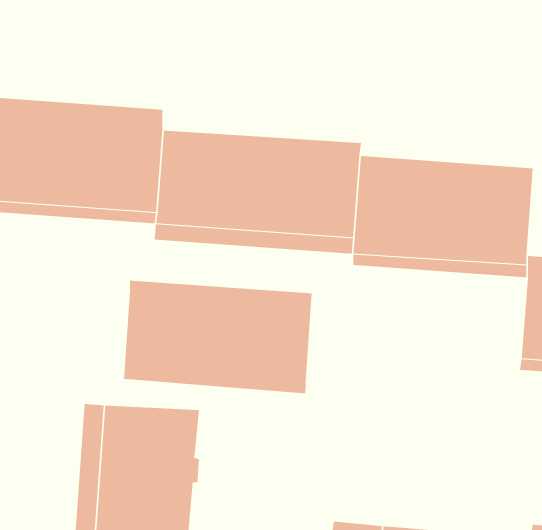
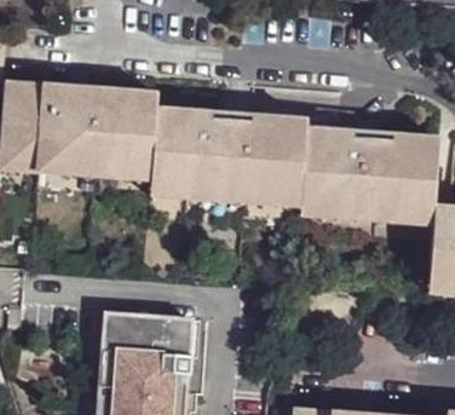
building: [124,280,312,394] -> none

